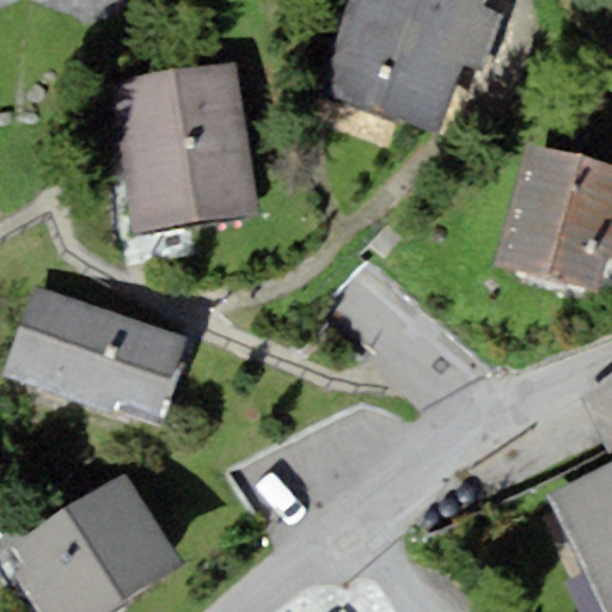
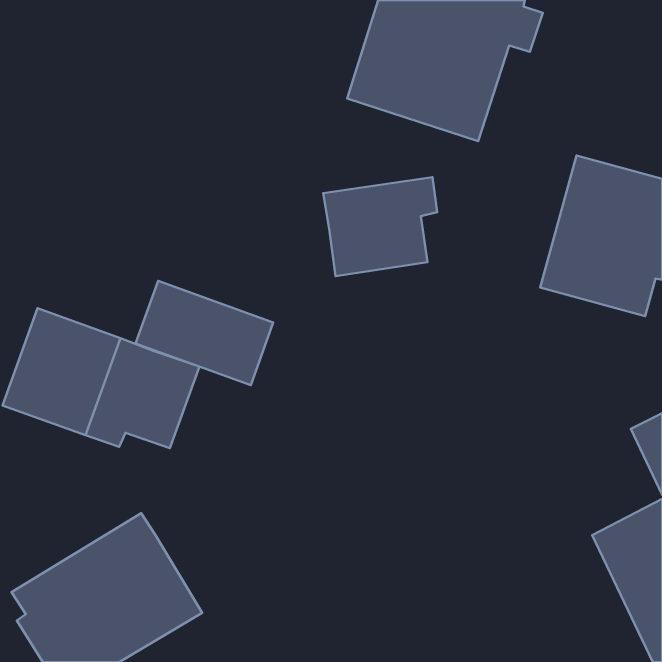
building: [108,65,258,233] -> none
building: none -> [323,177,437,276]
building: none -> [136,281,273,385]

